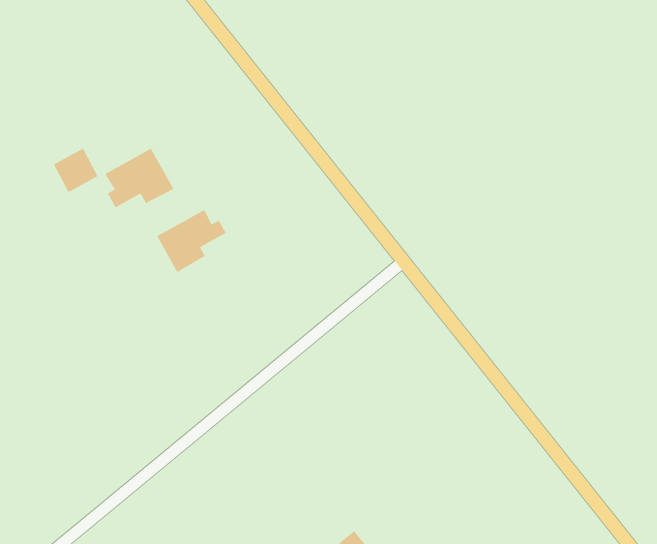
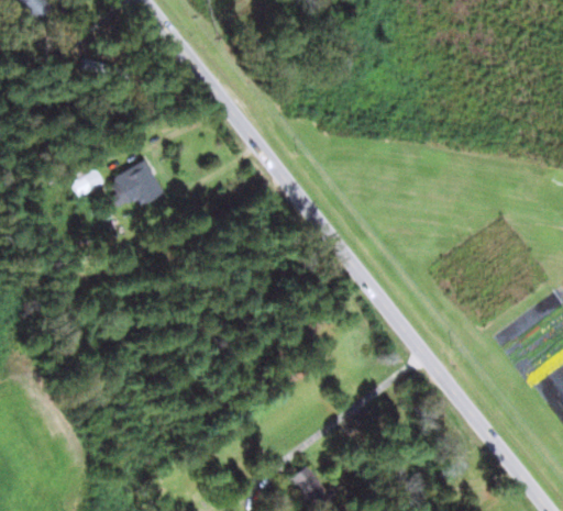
building: [156,209,227,273] -> none

